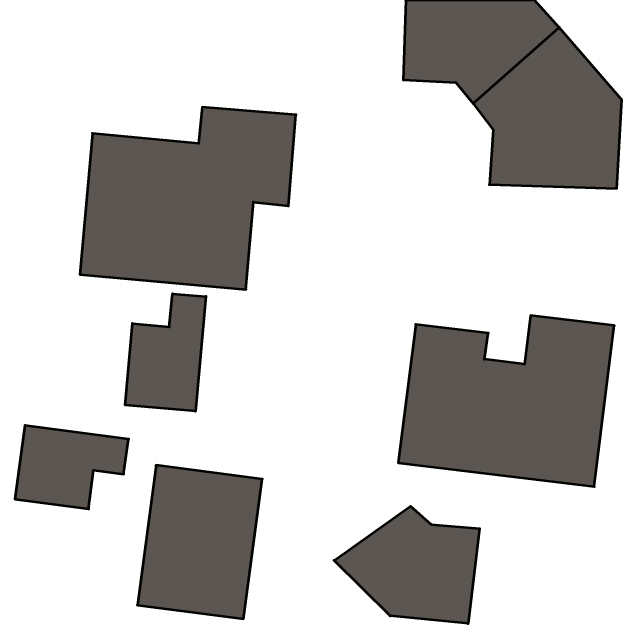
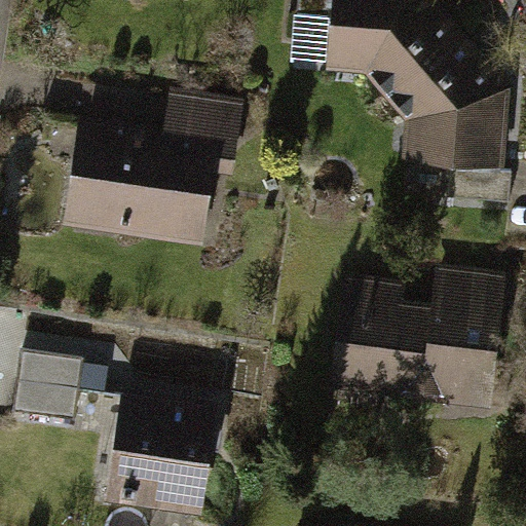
building: [125,294,206,411] -> none
building: [334,506,480,624] -> none

